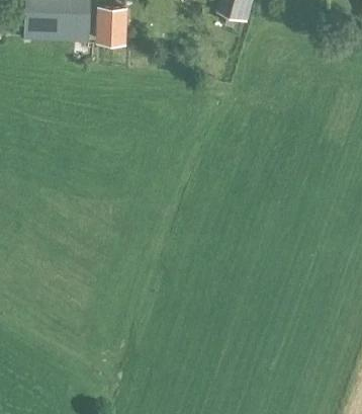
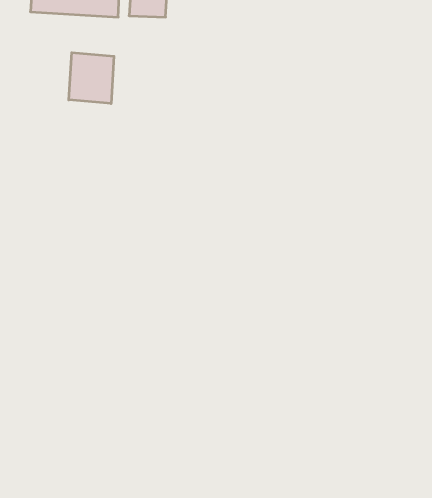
building: none -> [69,53,114,104]

